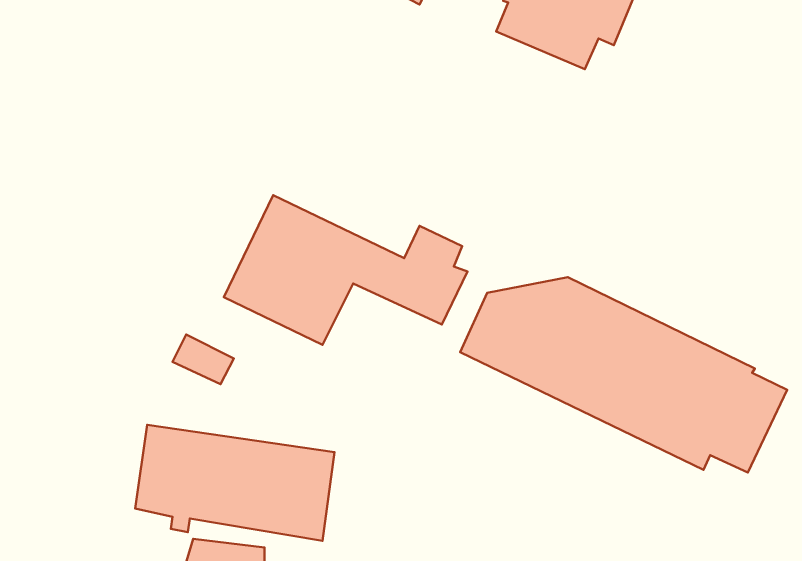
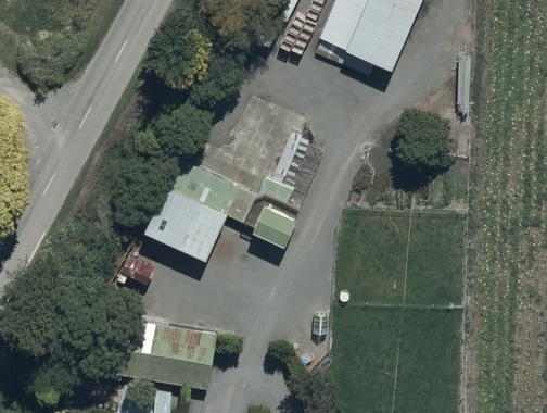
building: [460,277,787,473] -> none

